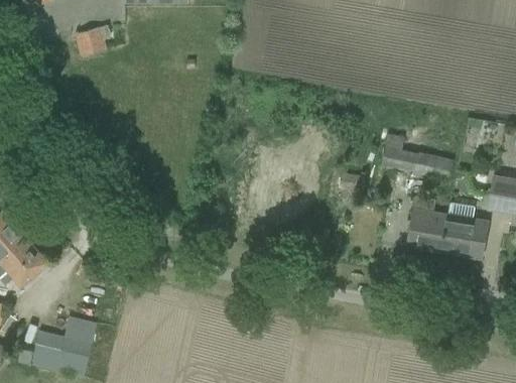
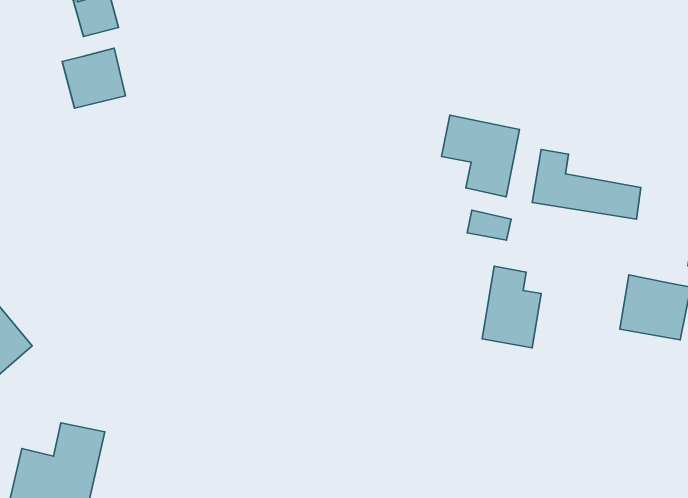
building: none -> [62,48,125,108]
building: none -> [441,115,520,197]
building: [406,198,445,252] -> [482,266,541,348]

